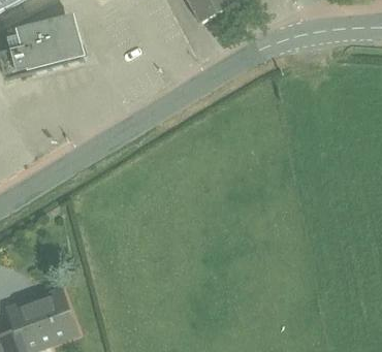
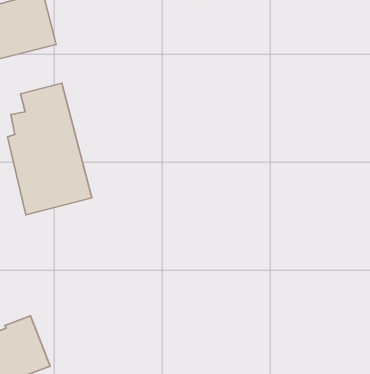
building: none -> [7,83,92,215]

